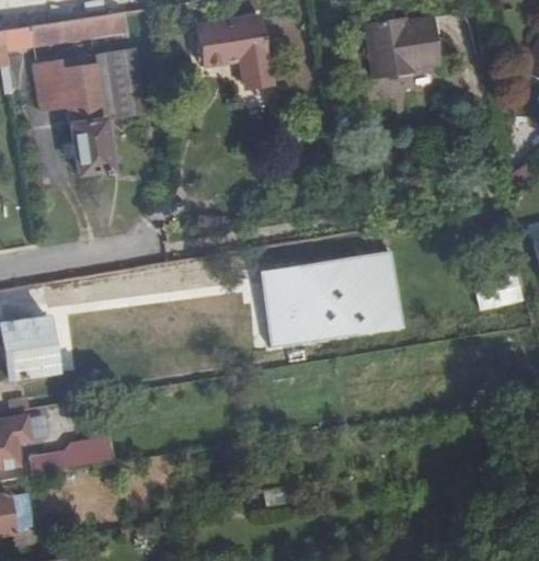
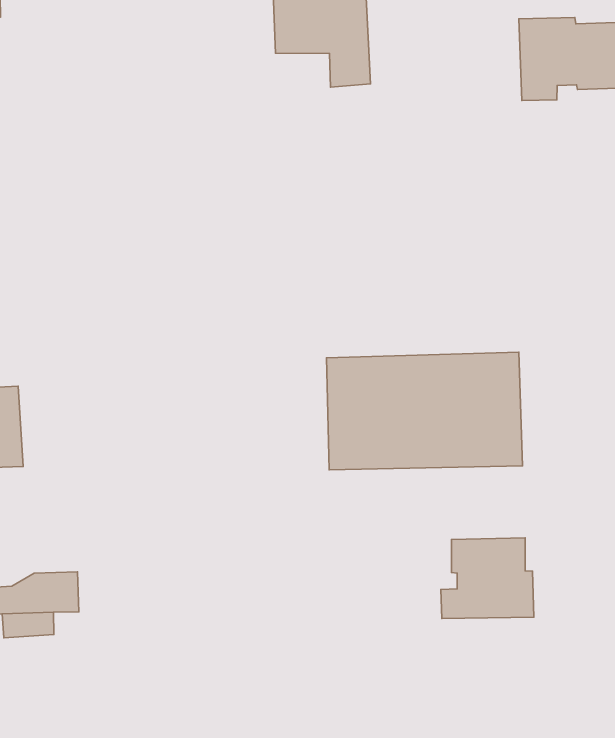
building: [27,66,130,191] -> none
building: none -> [441,538,534,618]

